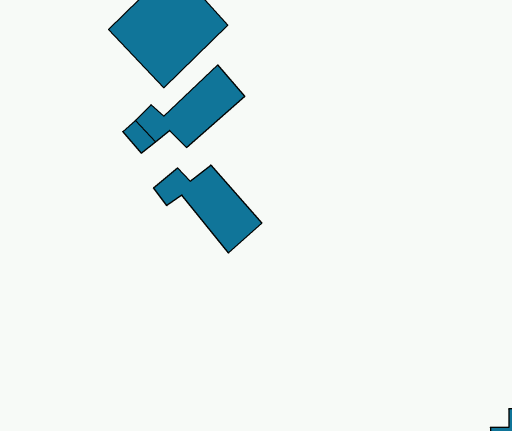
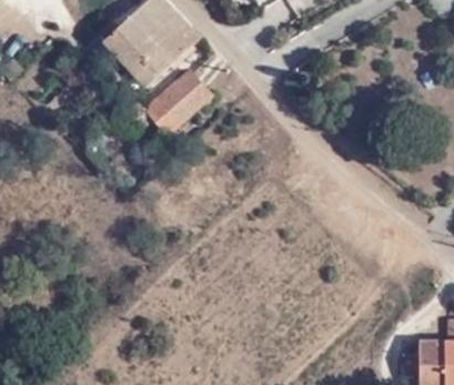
building: [154,165,262,253] -> none

